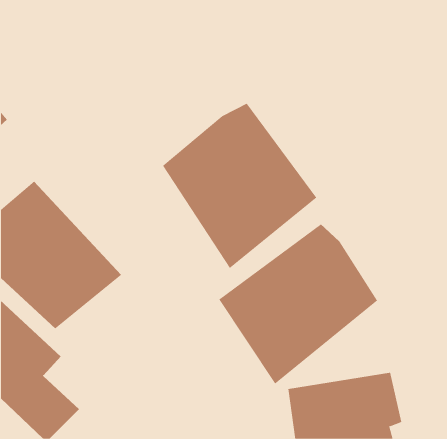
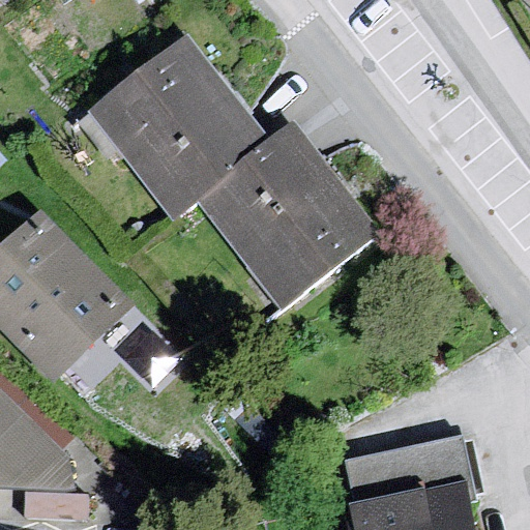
building: none -> [78,38,263,219]
building: [218,223,378,385] -> none

